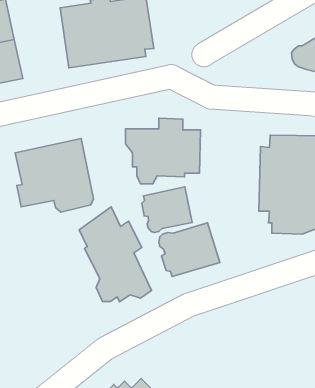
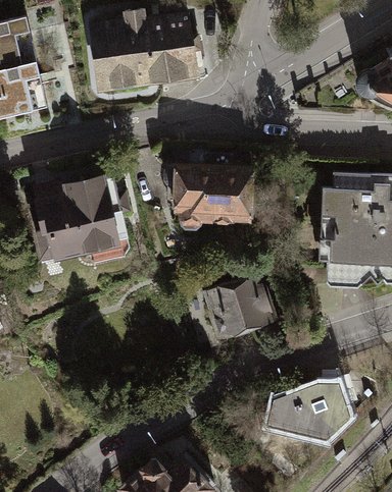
building: [142,187,192,232] -> none
building: [79,207,152,302] -> none
building: none -> [266,381,348,439]

